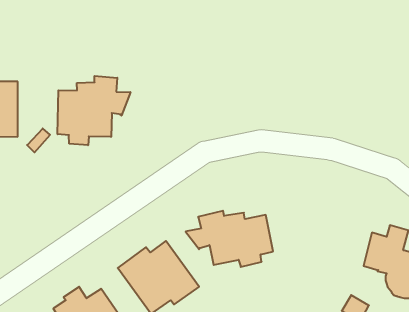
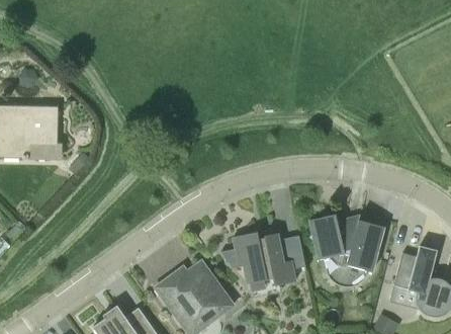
building: [58,76,130,145] -> none
building: none -> [308,215,383,282]

